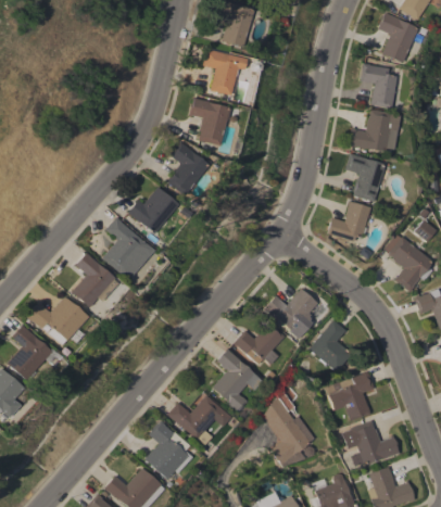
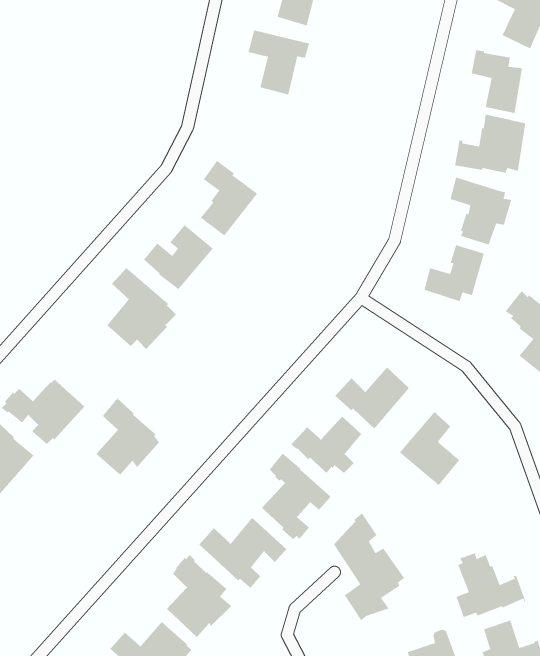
building: [189,98,230,145] -> none
building: [71,252,116,307] -> [96,398,160,476]
building: [326,371,375,421] -> none

